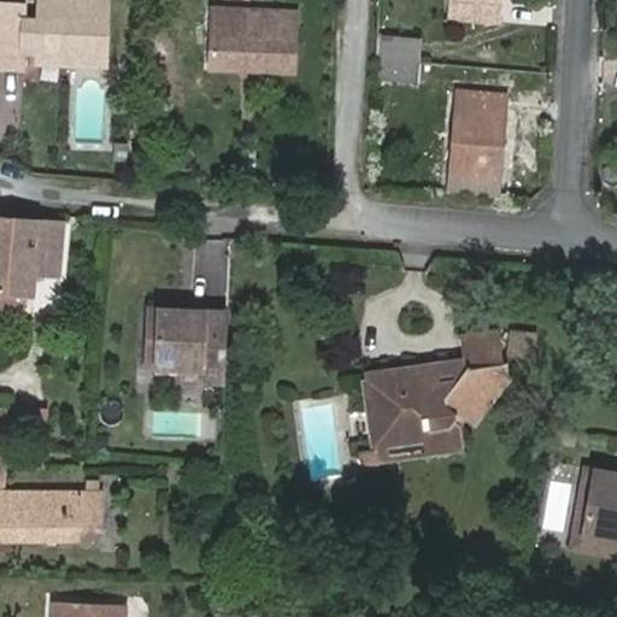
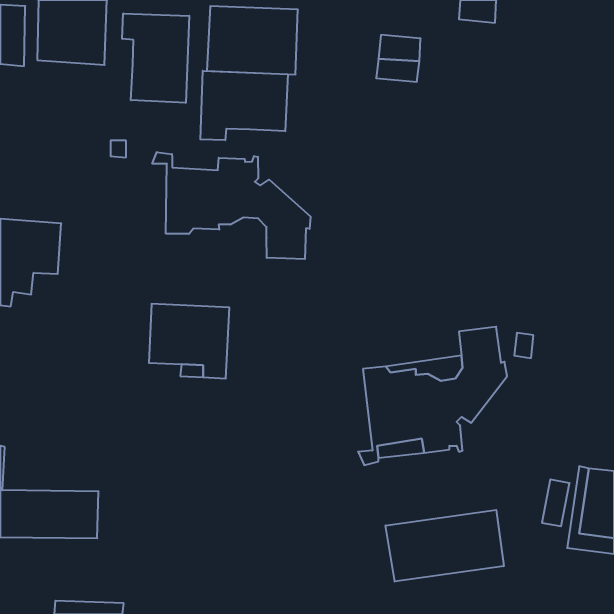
building: none -> [122,13,189,103]
building: none -> [200,71,288,140]
building: [452,95,504,177] -> none
building: none -> [152,152,311,259]
building: none -> [386,510,504,582]

